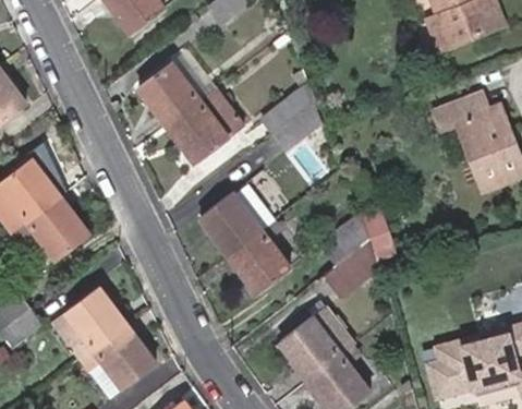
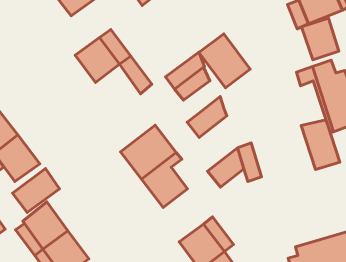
building: none -> [301,18,339,60]
building: none -> [199,34,250,88]
building: [166,100,227,166] -> none
building: none -> [301,120,340,169]
building: none -> [12,168,60,213]
building: [321,242,375,298] -> [187,96,227,137]

